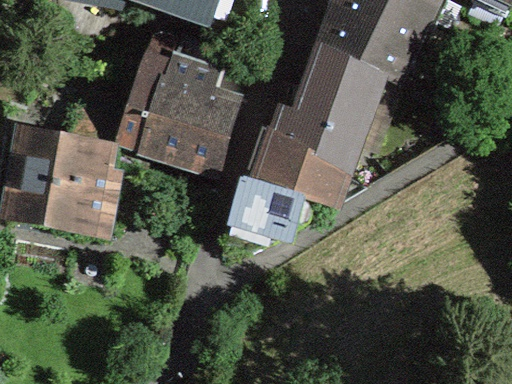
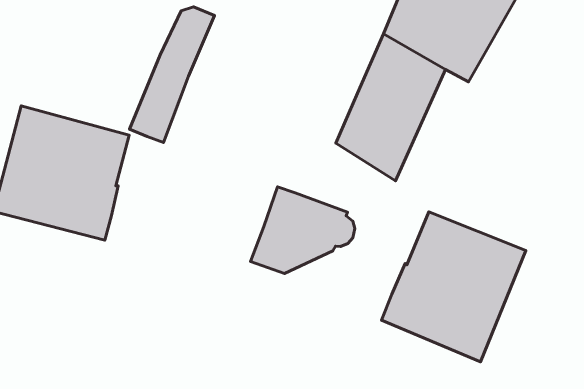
building: [145,34,237,174] -> none
building: [258,133,341,206] -> none
building: none -> [381,212,526,362]

